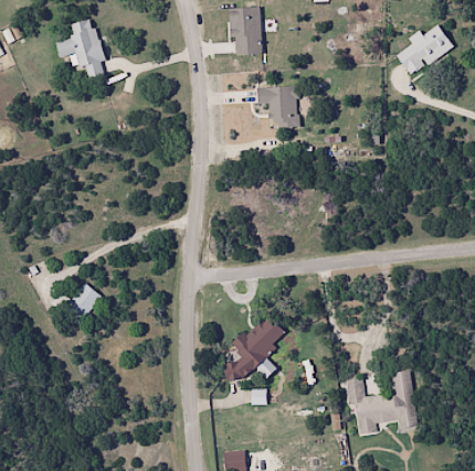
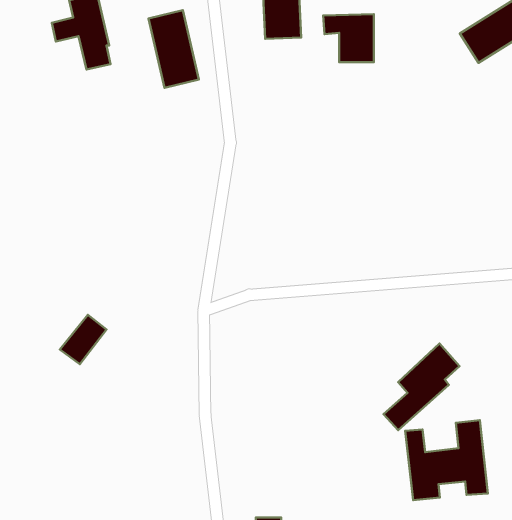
building: none -> [148,10,199,88]
building: [256,87,298,127] -> [323,14,374,62]
building: [221,313,284,385] -> [384,344,460,430]

